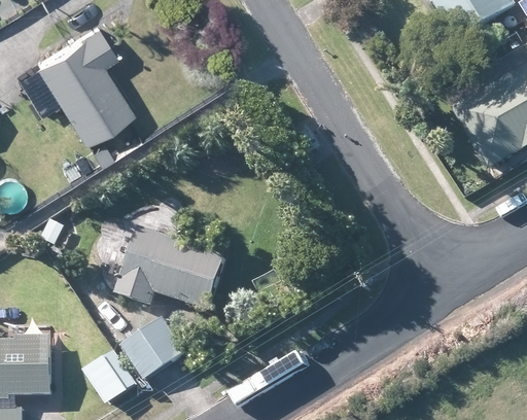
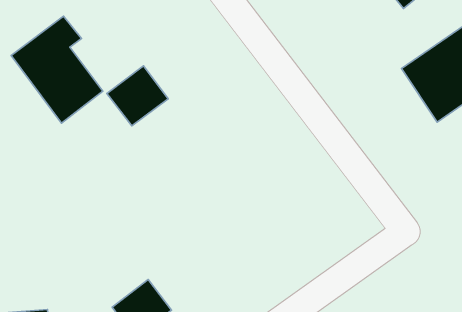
building: none -> [107,66,168,126]
building: [116,224,227,308] -> none

